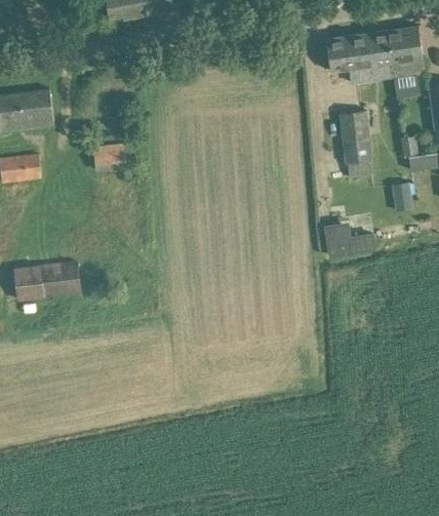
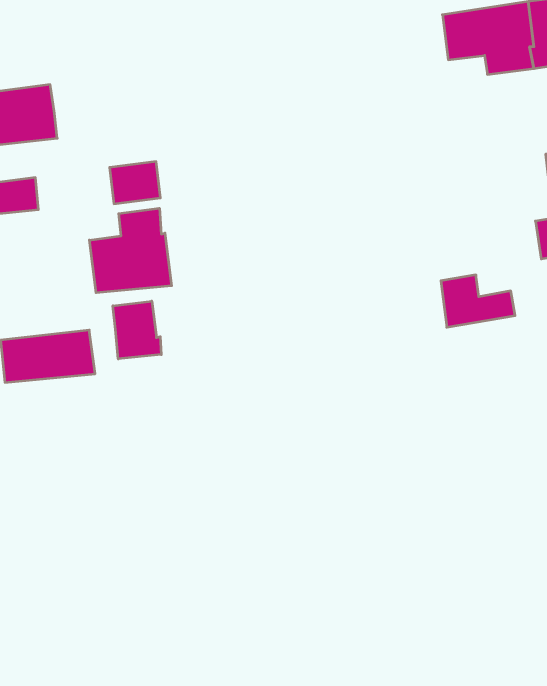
building: [338,110,371,176] -> none
building: none -> [89,208,172,293]
building: none -> [113,301,161,359]

